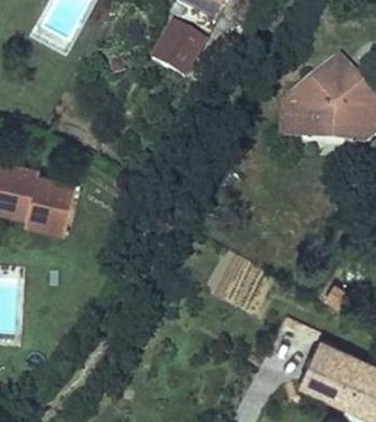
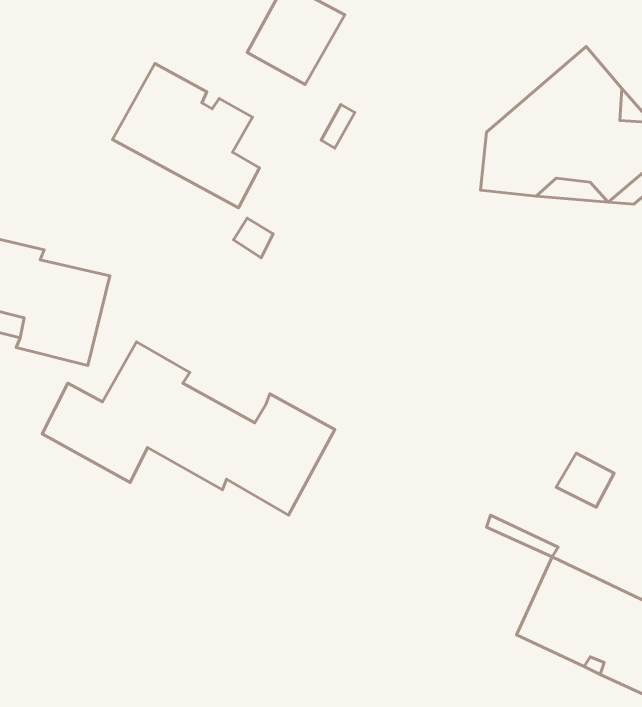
building: none -> [113,63,259,208]
building: none -> [42,342,335,515]

